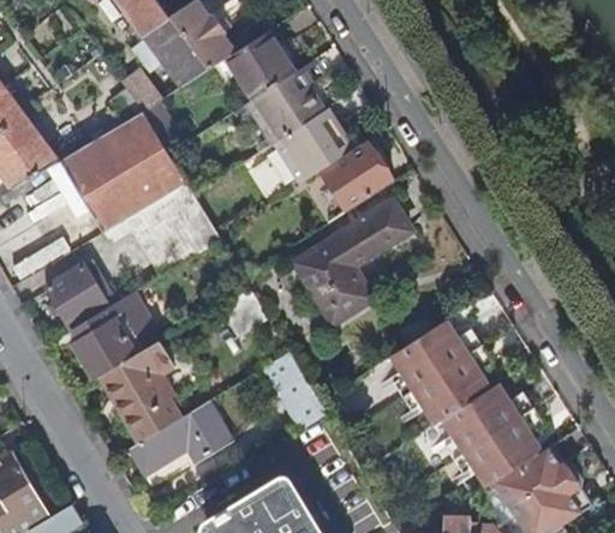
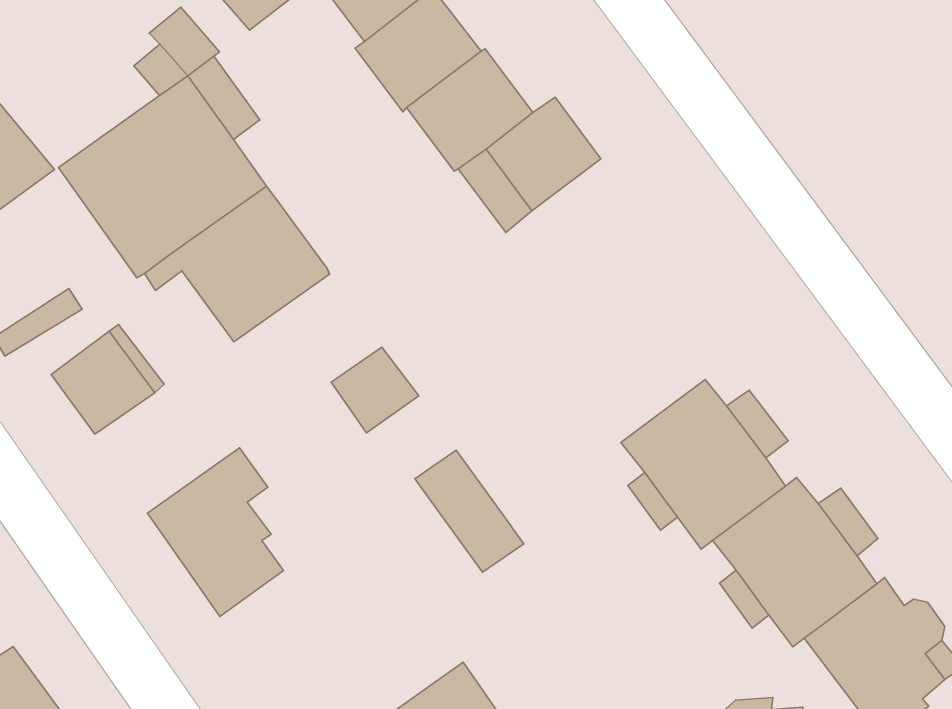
building: [295,199,408,321] -> none
building: [71,292,162,379] -> none
building: [127,401,231,475] -> none

